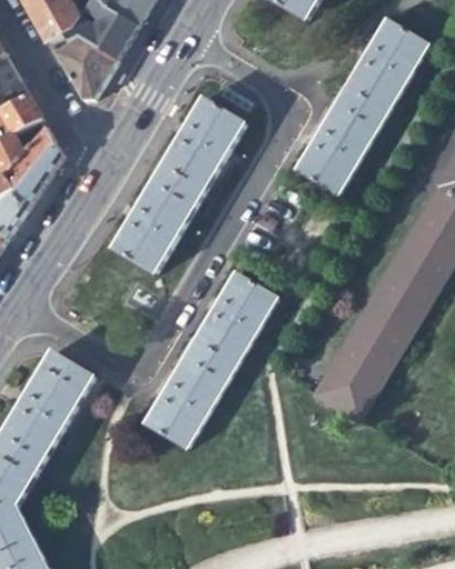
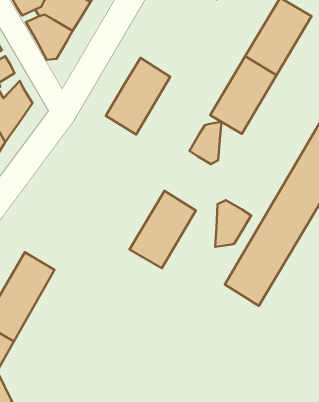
building: [112,172,199,273] -> none
building: none -> [189,122,222,164]
building: none -> [215,200,251,247]
building: [145,347,233,449] -> none

